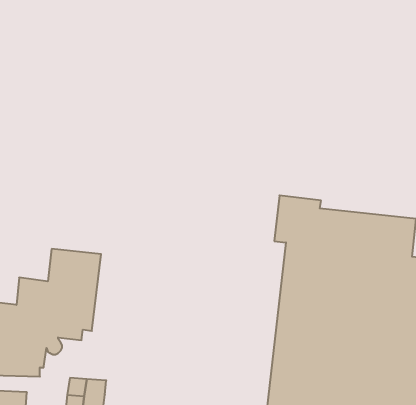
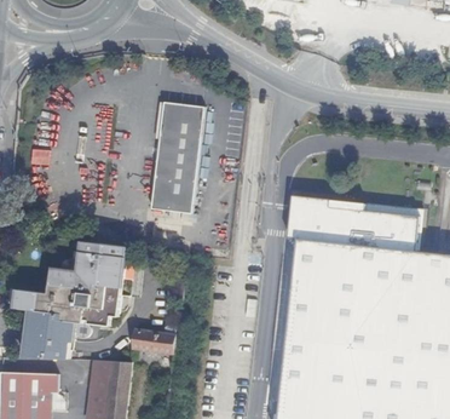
building: none -> [149,101,203,212]
building: none -> [132,331,175,354]

